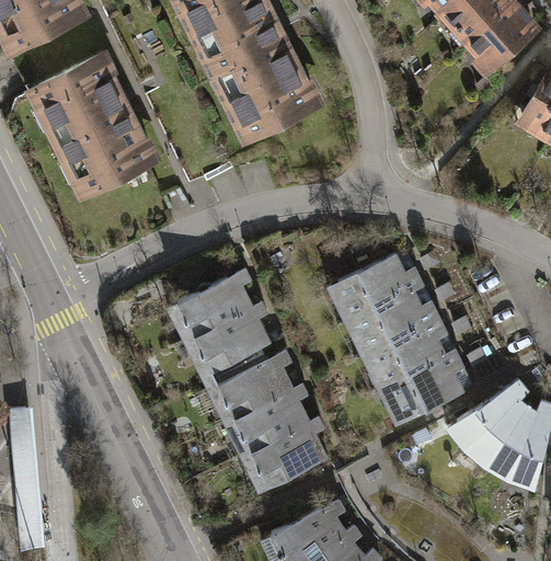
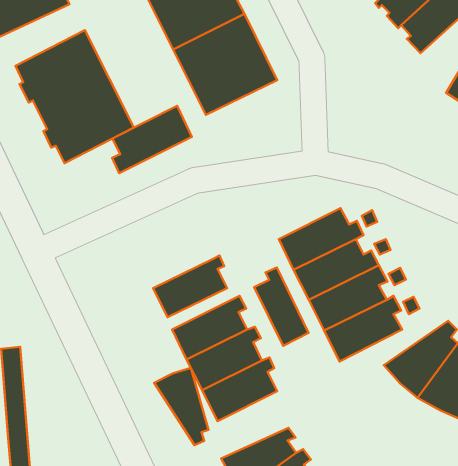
building: none -> [112,106,192,173]
building: [167,270,252,342] -> none
building: none -> [254,268,308,346]
building: none -> [154,368,209,445]

